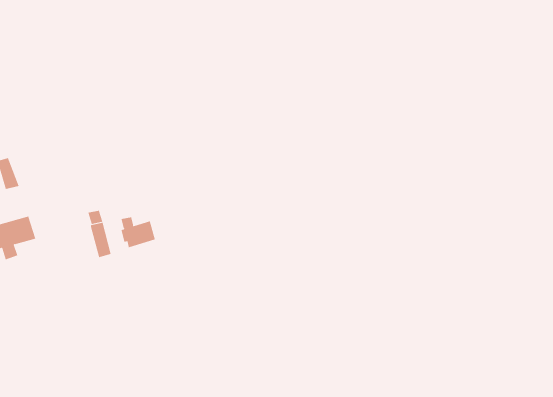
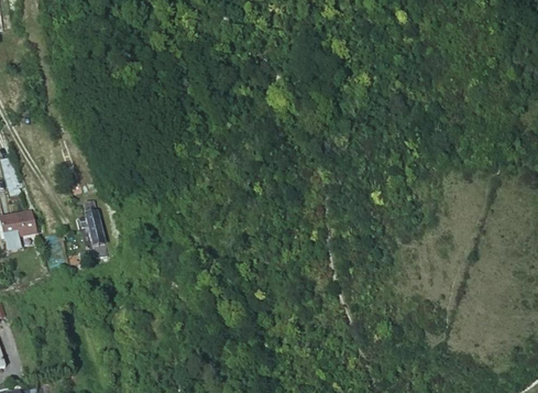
building: [121,216,155,248] -> none

